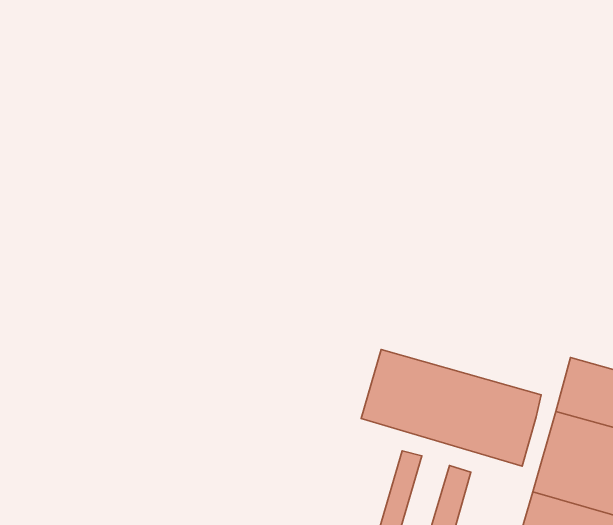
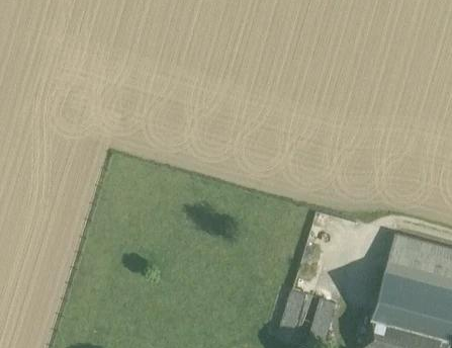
building: [361,349,541,466] -> none

